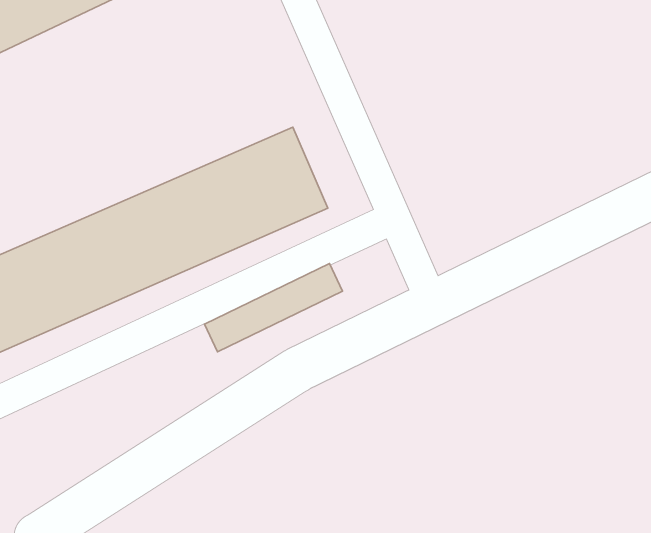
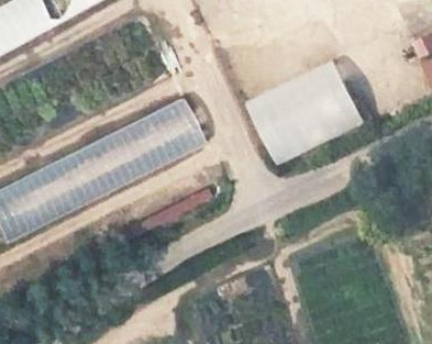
building: none -> [244,58,364,164]

